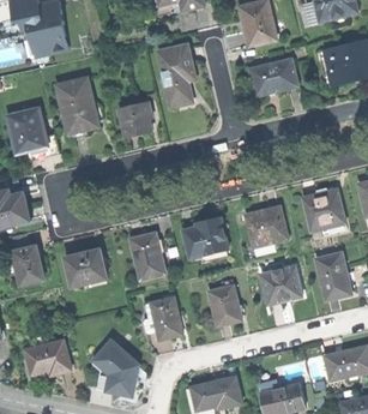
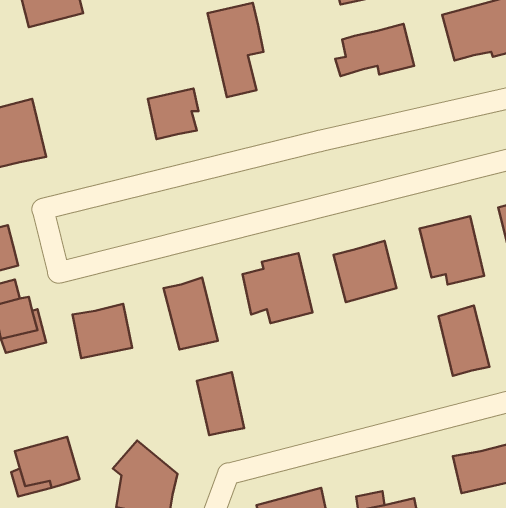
building: [55,78,97,139] -> none
building: [258,263,301,305] -> none
building: [207,278,241,324] -> none

